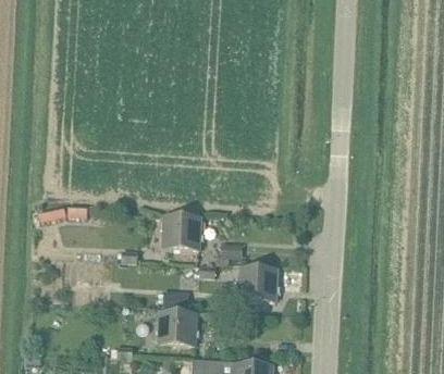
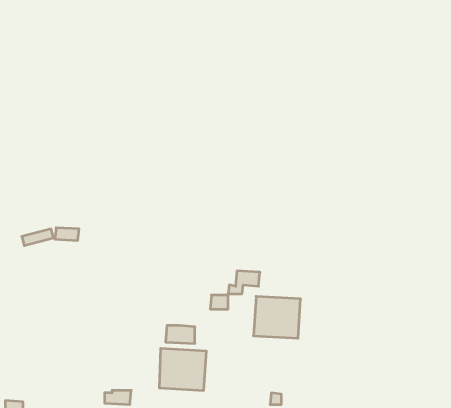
building: [161,214,200,250] -> none

